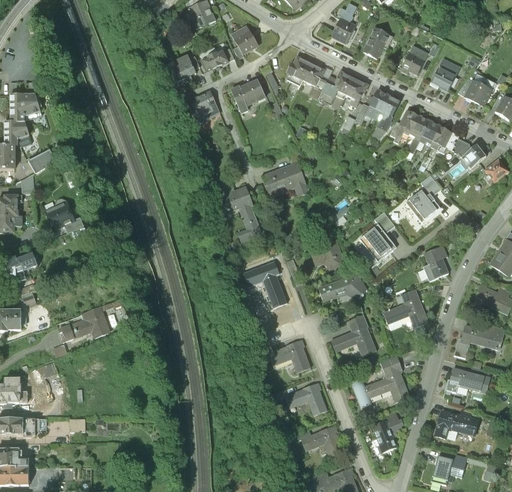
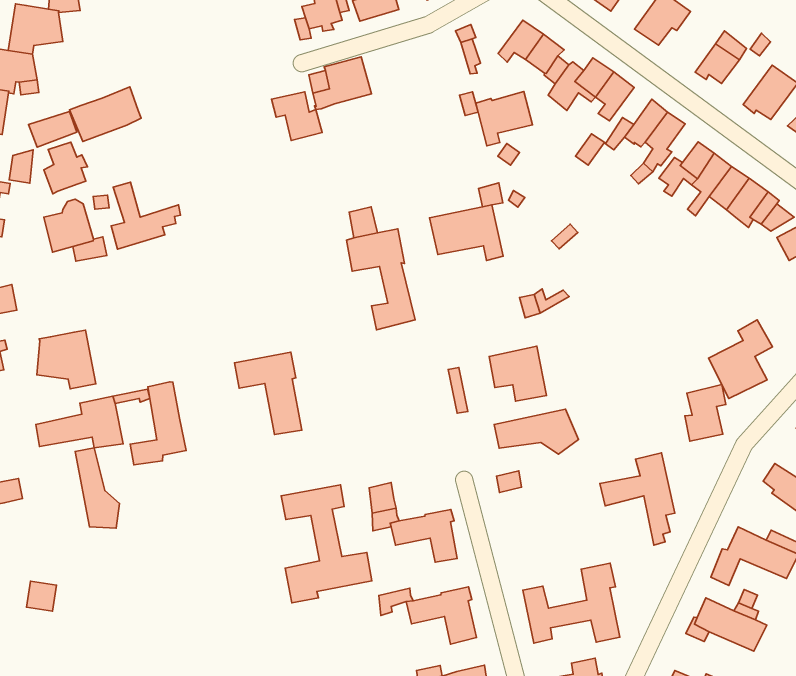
building: [230,80,264,114] -> [476,91,533,146]
building: none -> [271,92,322,140]
building: none -> [70,87,141,141]
building: none -> [44,142,88,194]
building: [406,175,441,222] -> [709,320,772,398]
building: none -> [111,182,181,249]
building: [359,212,395,262] -> none
building: [243,260,287,308] -> [234,352,302,435]
building: none -> [37,330,96,389]
building: none -> [130,382,186,465]
building: [331,315,375,356] -> none
building: none -> [281,485,372,603]
building: none -> [75,448,120,528]

